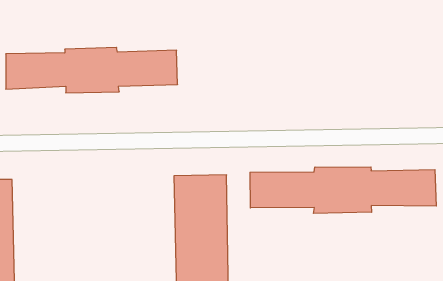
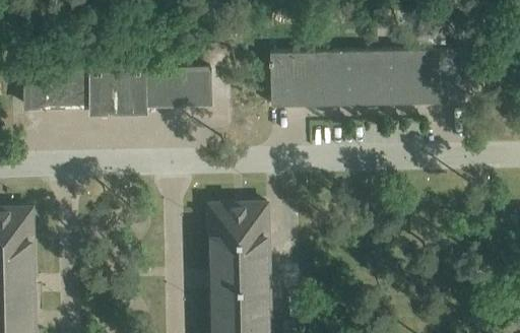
building: none -> [270,39,465,107]
building: [250,167,436,213] -> none

